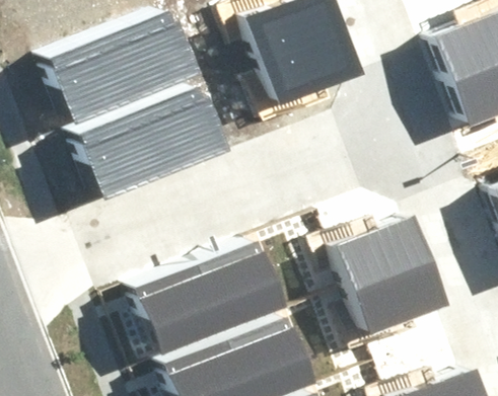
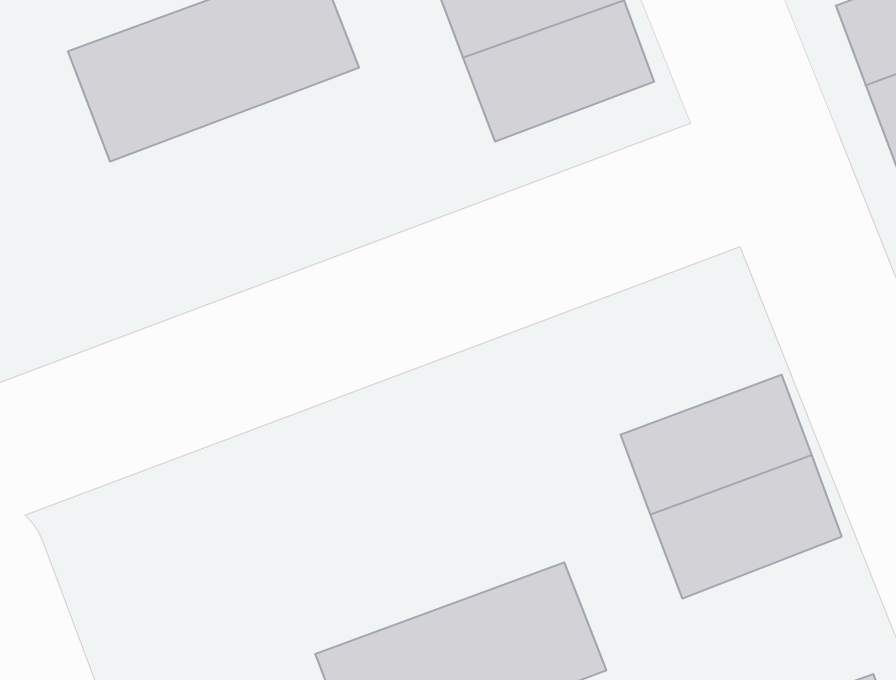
building: [77,87,224,189] -> none
building: [141,252,288,354] -> none

